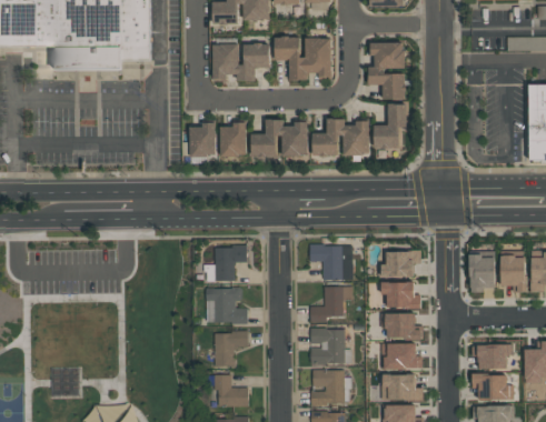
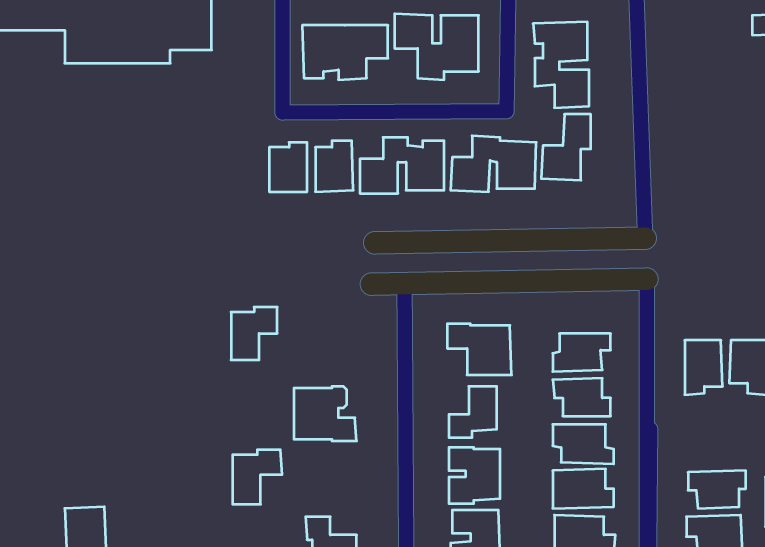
building: [217,244,248,280] -> [231,307,277,360]
building: [216,330,249,366] -> [233,450,282,504]

